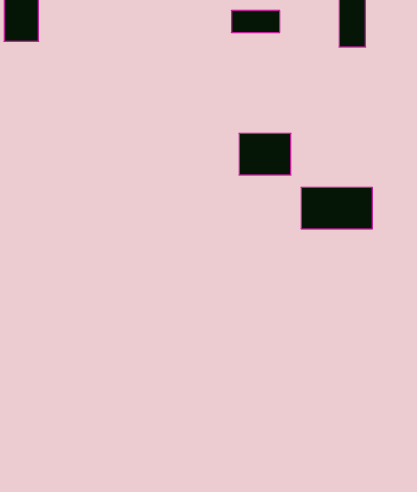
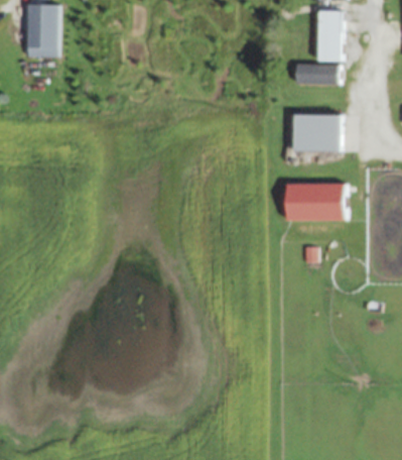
building: [231,11,280,32] -> [296,66,339,85]
building: [239,133,291,175] -> [294,115,340,151]

